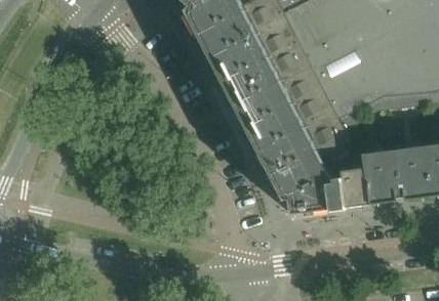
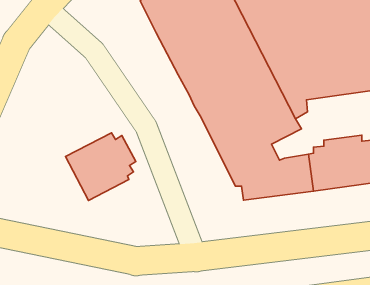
building: none -> [66,133,136,201]

